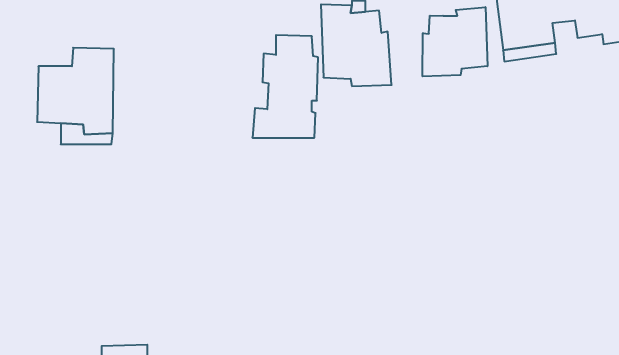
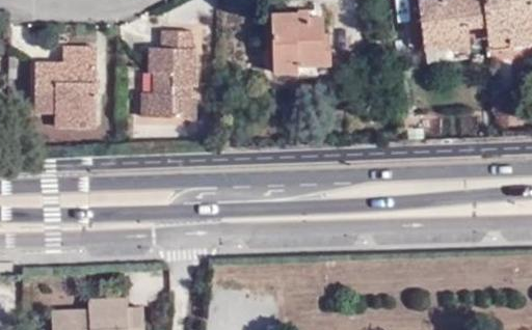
building: [423,7,487,76] -> none
building: [252,35,318,138] -> [142,33,197,119]

